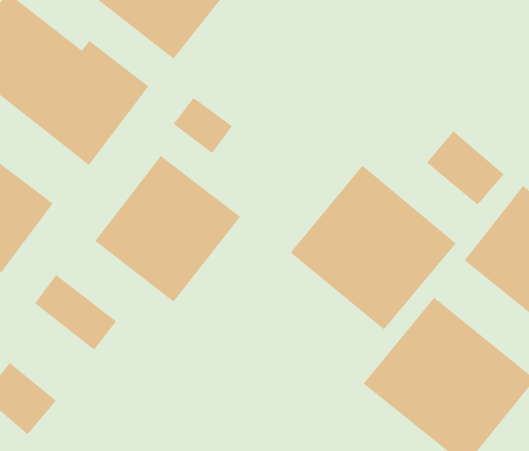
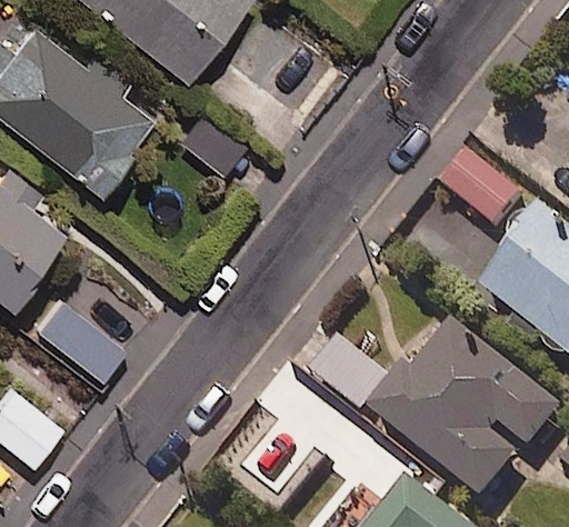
building: [95,155,241,303] -> none
building: [290,165,456,330] -> none

